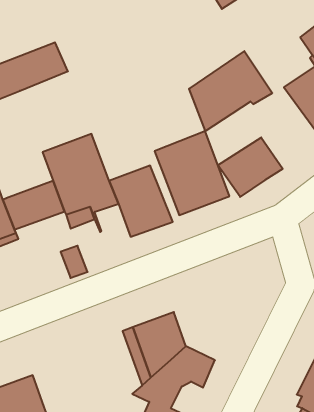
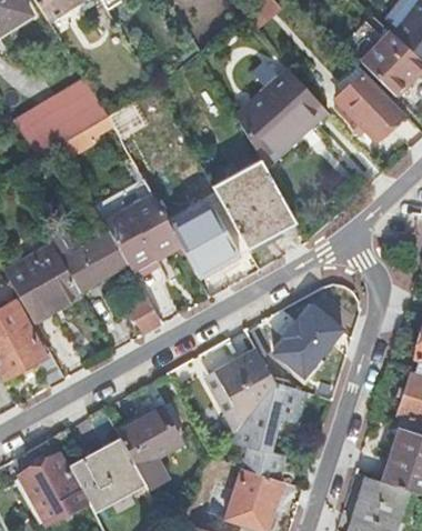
building: [218,137,283,197] -> none
building: none -> [274,303,341,375]
building: none -> [117,407,182,468]

